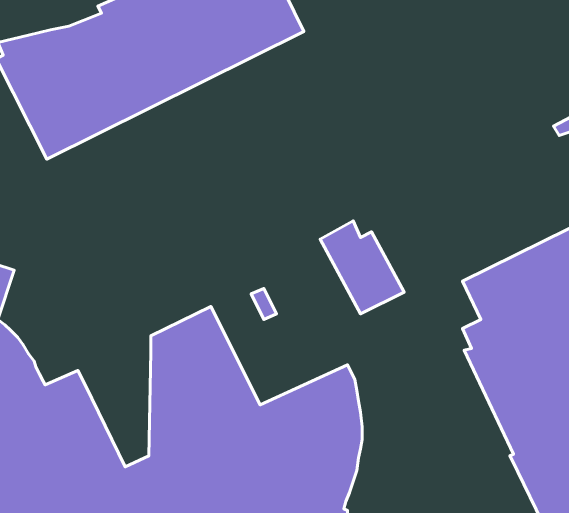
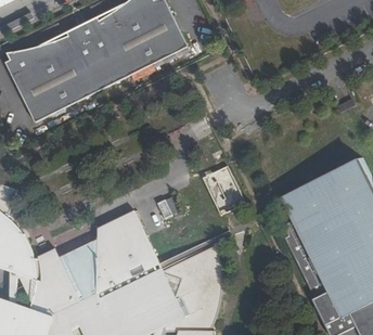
building: none -> [57,236,97,305]

